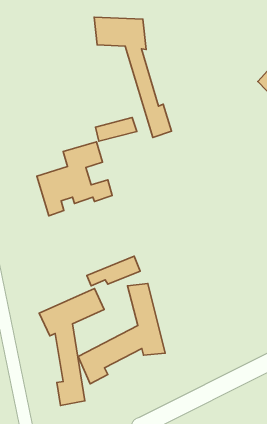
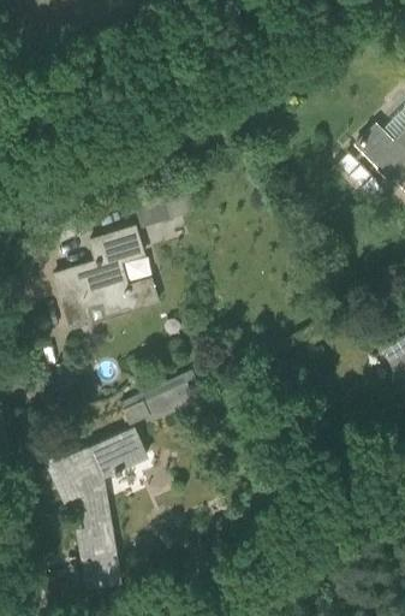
building: [94,17,171,137] -> none
building: [78,284,165,384] -> none

